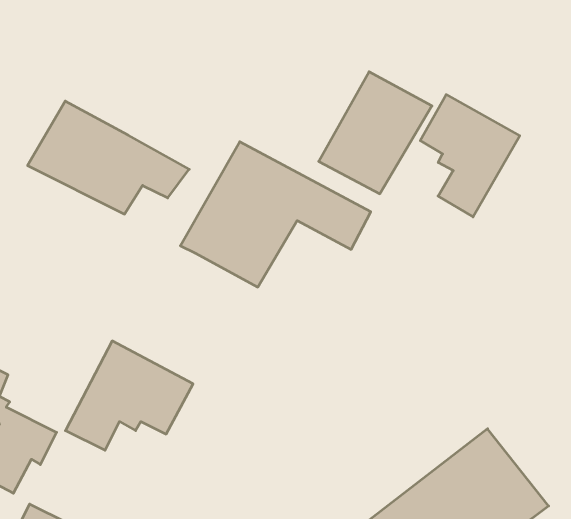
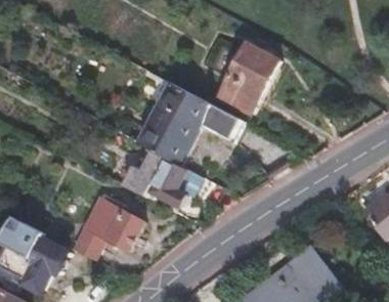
building: [420,95,520,217] -> none
building: [28,101,189,214] -> [123,145,215,210]

